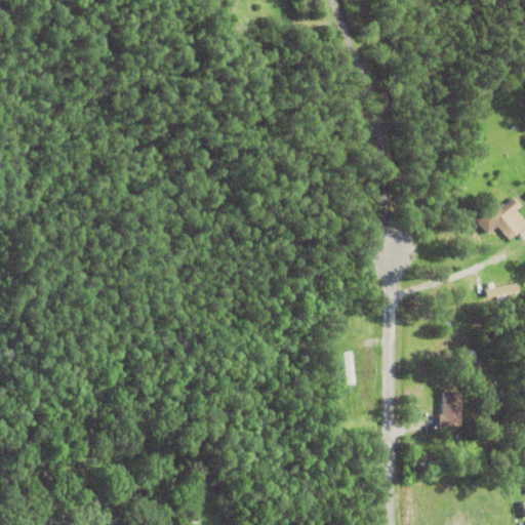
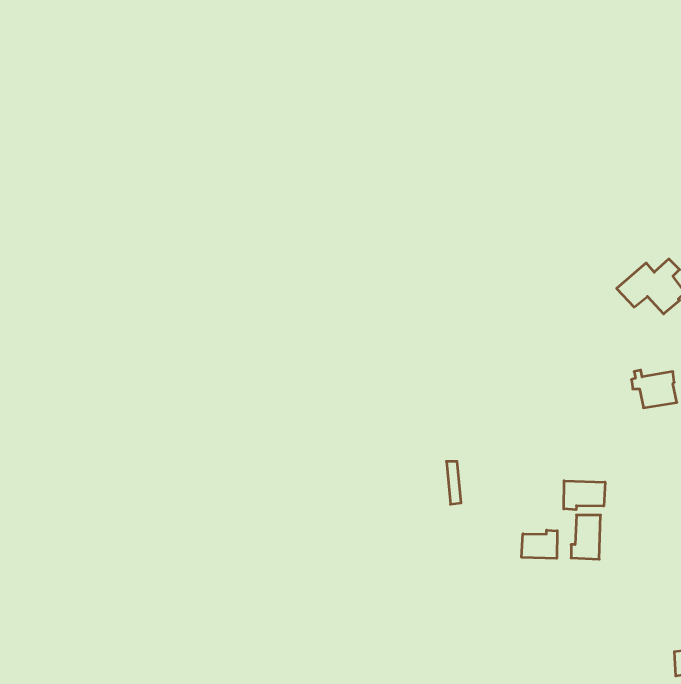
building: none -> [564,481,605,510]
building: none -> [522,530,557,558]

